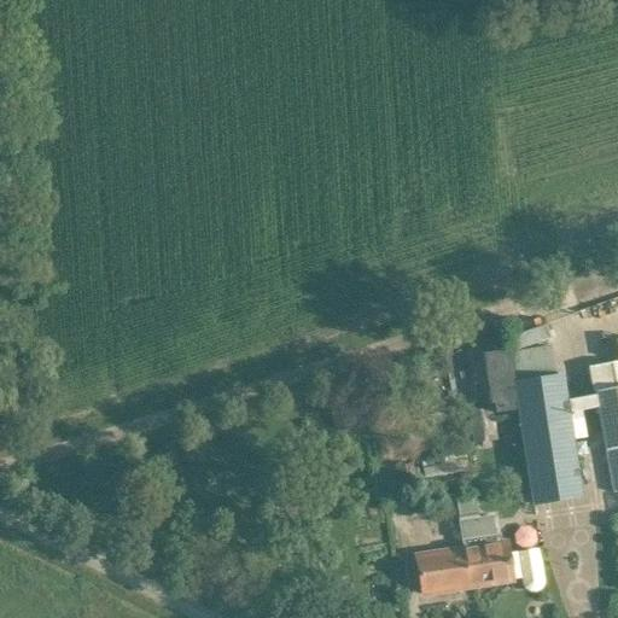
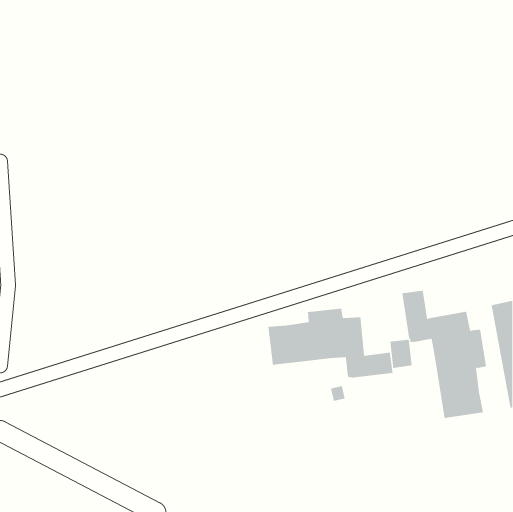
building: none -> [268,308,393,379]
building: [418,514,544,593] -> none

